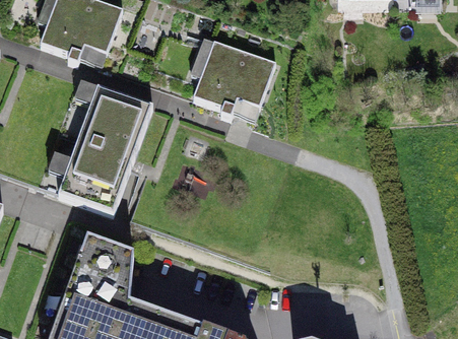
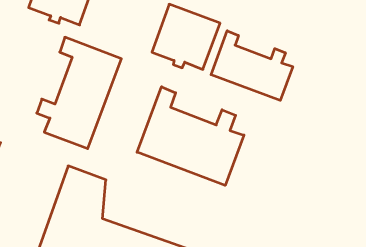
building: none -> [211,31,293,100]
building: none -> [137,87,244,185]

